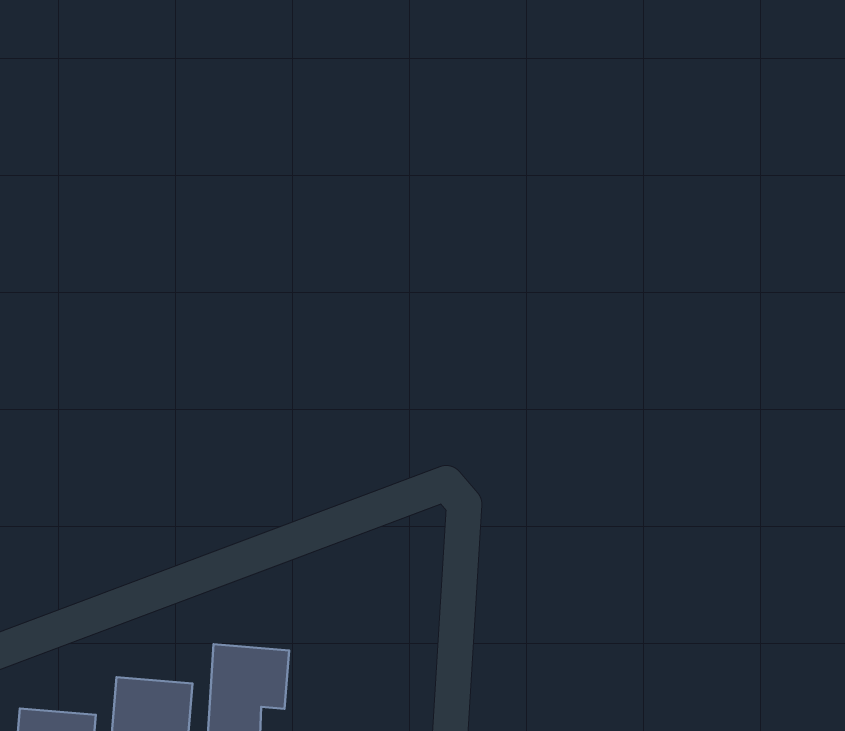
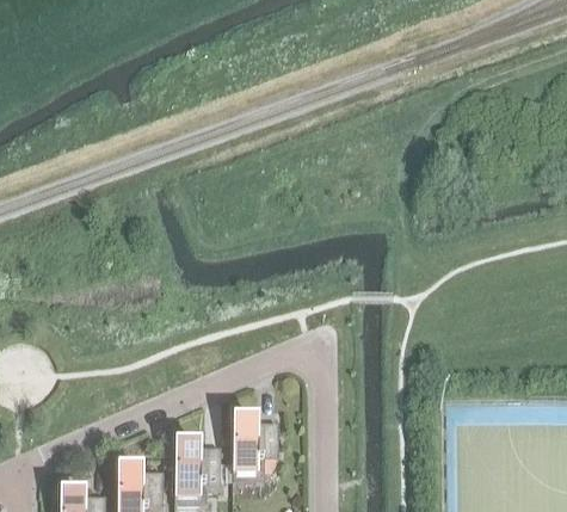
building: none -> [232,413,278,471]

